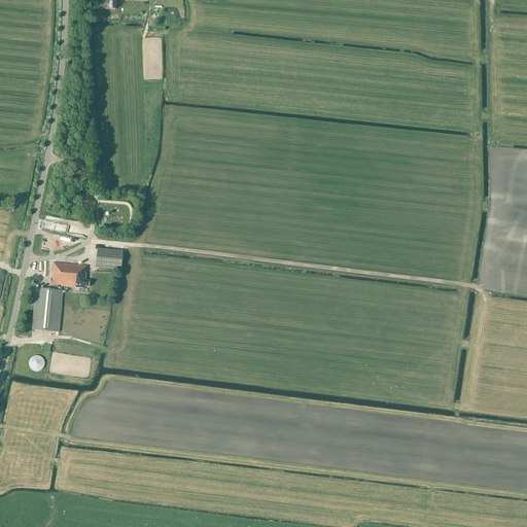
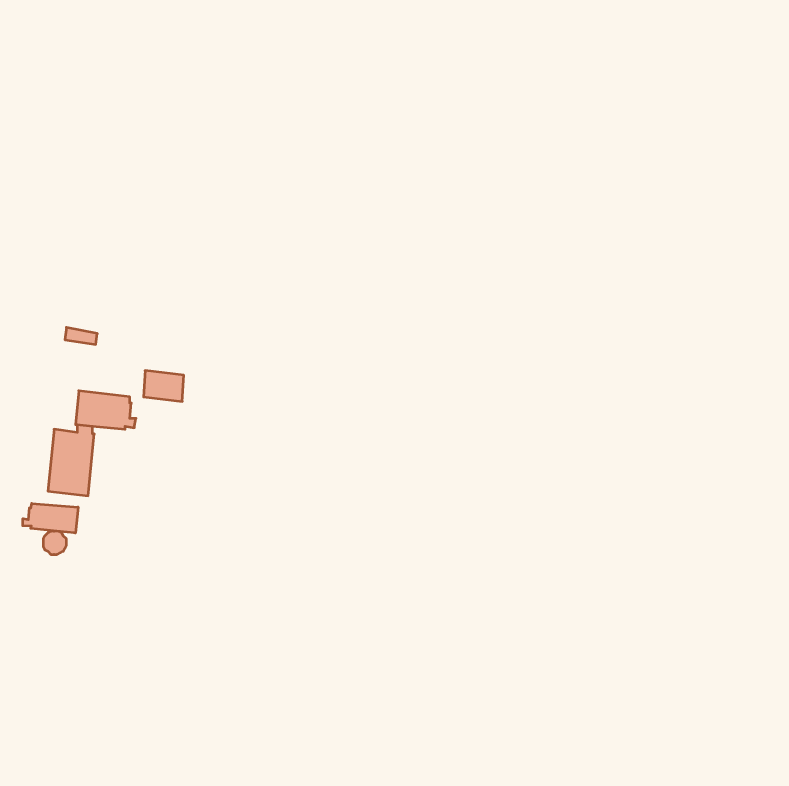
building: none -> [23,503,78,533]

